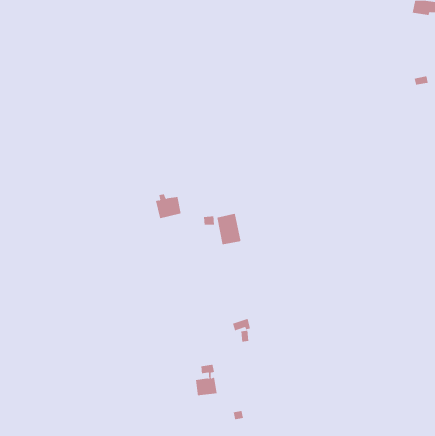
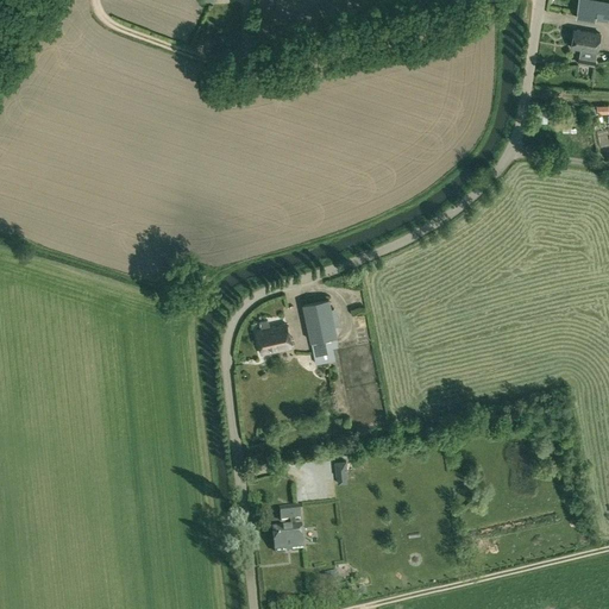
building: none -> [572,30,601,65]
building: [155,194,182,219] -> [256,320,293,354]

